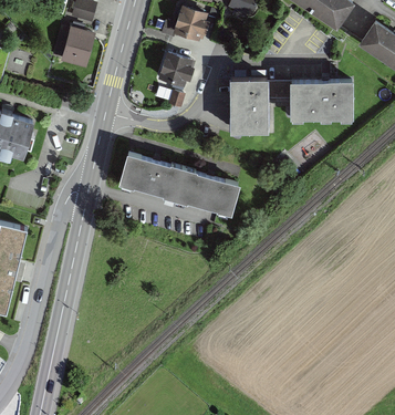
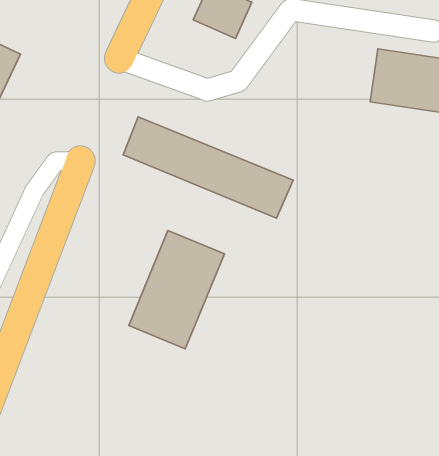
building: [231,79,270,129] -> none
building: none -> [129,231,224,349]

